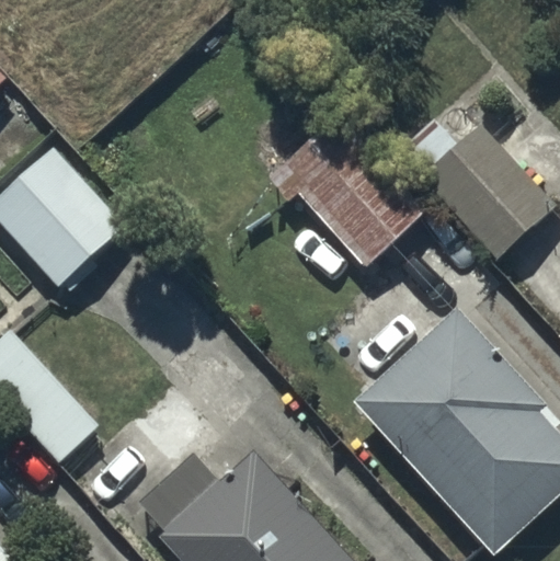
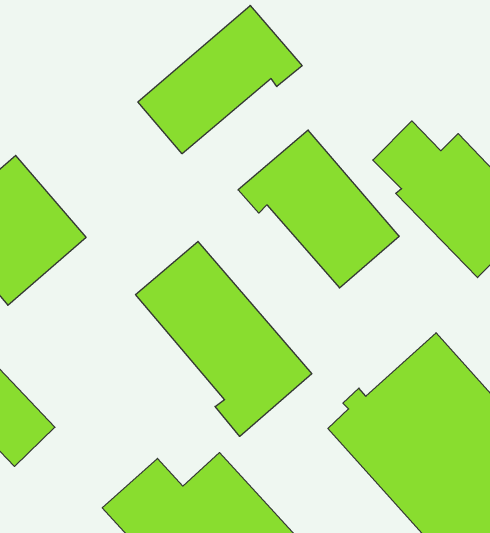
building: none -> [138,5,302,154]
building: none -> [136,241,312,436]

